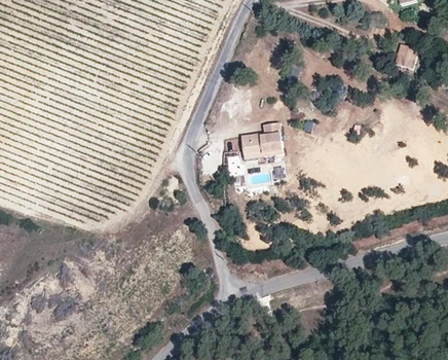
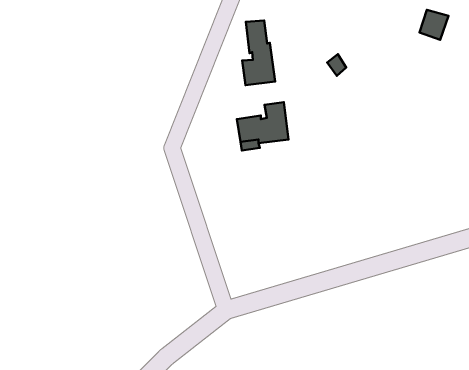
building: none -> [242,20,275,85]

